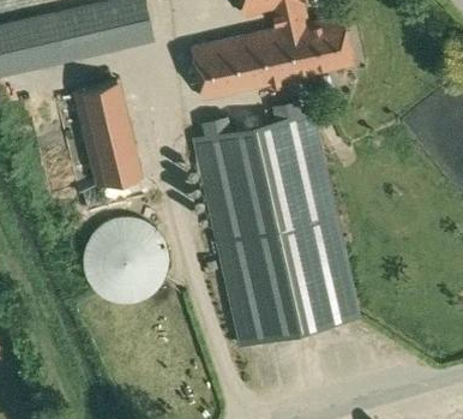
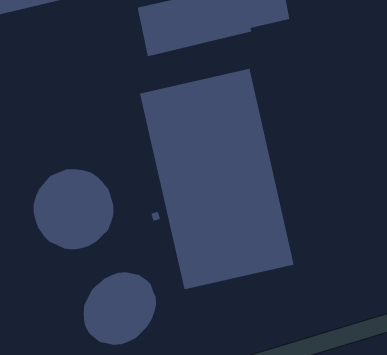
building: [74,84,144,188] -> none
building: none -> [83,272,157,345]

